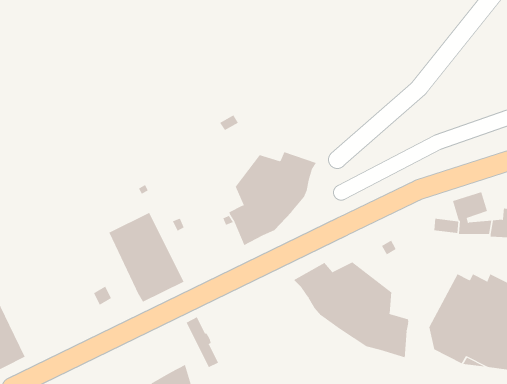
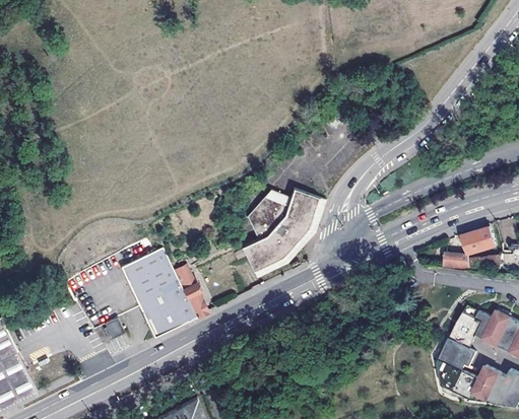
building: [293,261,409,358] -> none
building: [186,316,219,368] -> [173,265,205,316]

